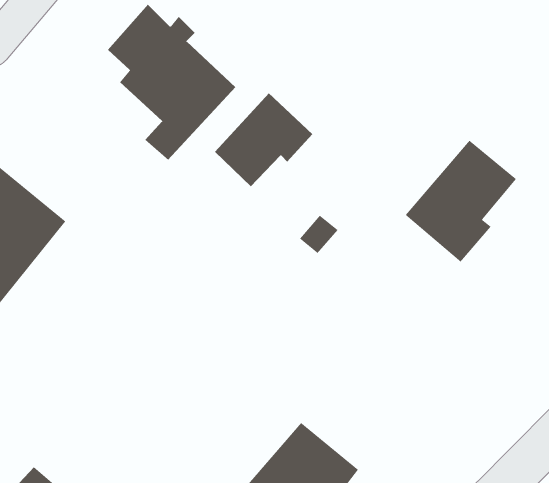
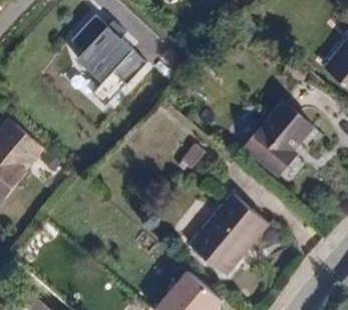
building: [214,93,313,187] -> none
building: none -> [191,190,267,270]

